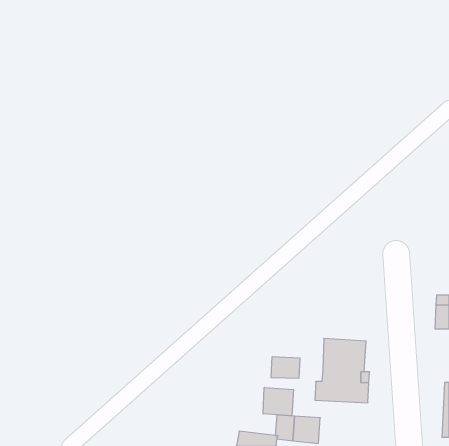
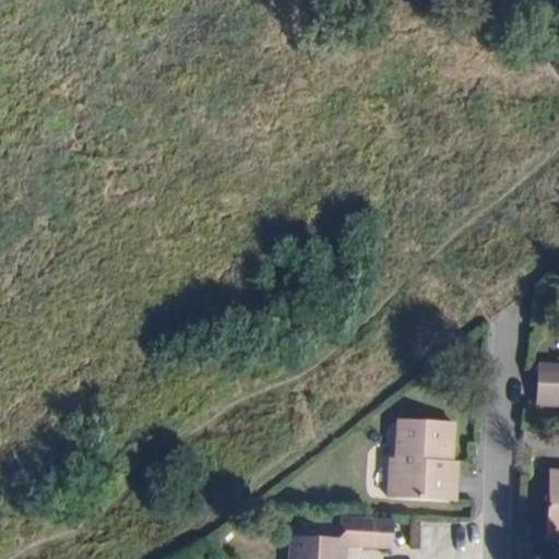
building: [271,357,300,378] -> none
building: [263,387,294,416] -> none

